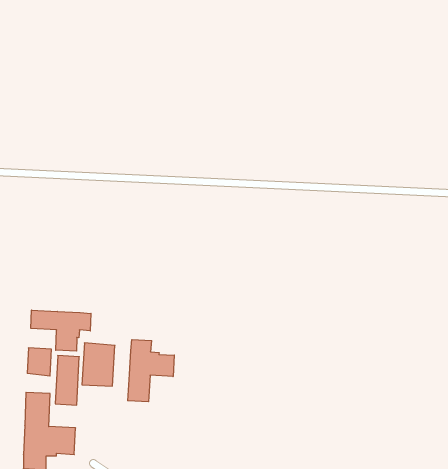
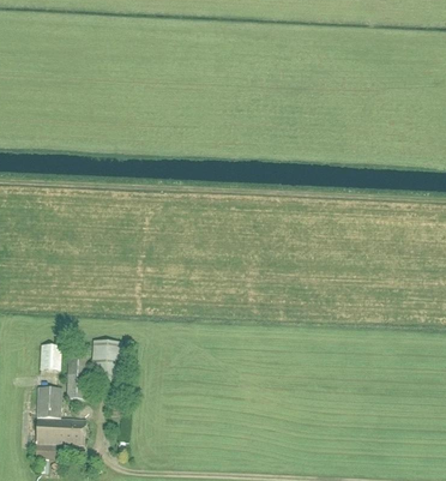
building: [31,310,91,351] -> none
building: [128,340,174,402] -> none

